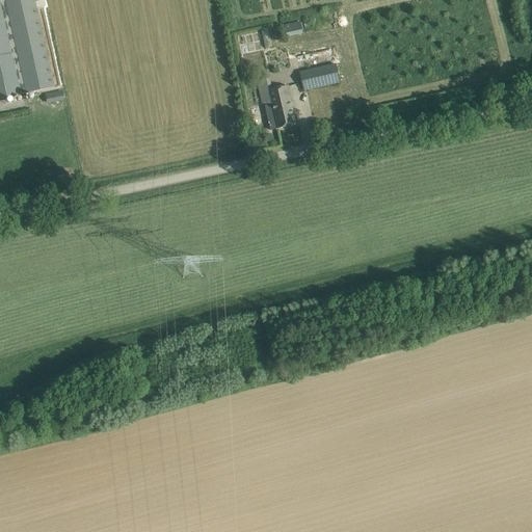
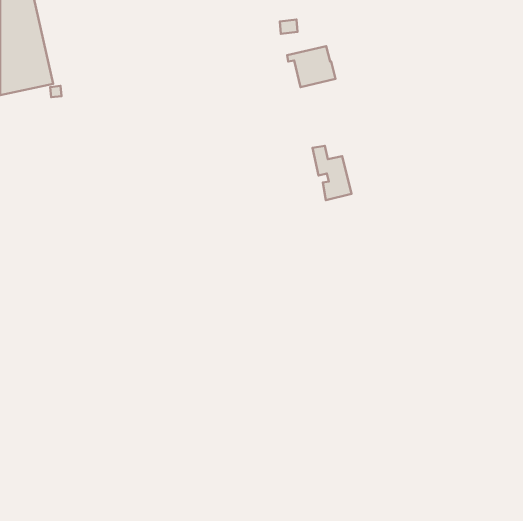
building: [258,74,297,129] -> [312,146,351,200]

